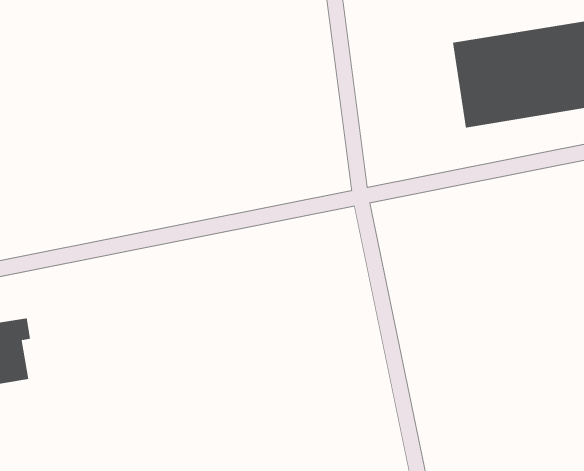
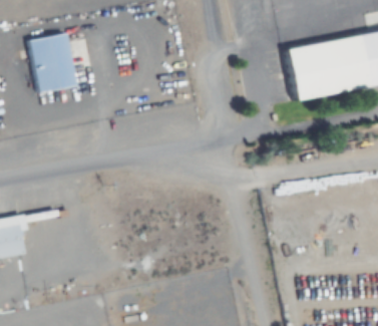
building: none -> [30,33,76,92]

